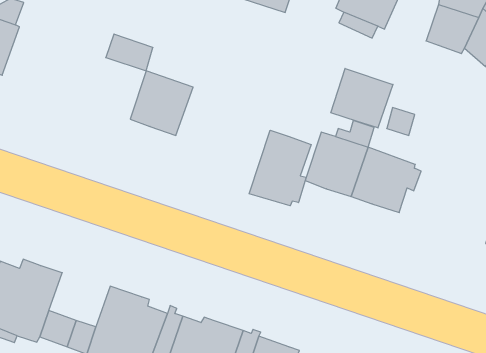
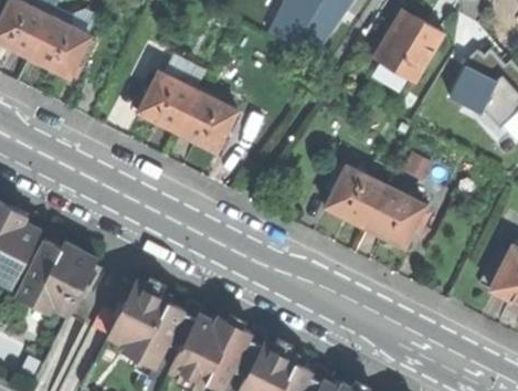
building: none -> [137,71,197,131]
building: [331,68,393,128] -> none
building: [249,130,311,206] -> none

